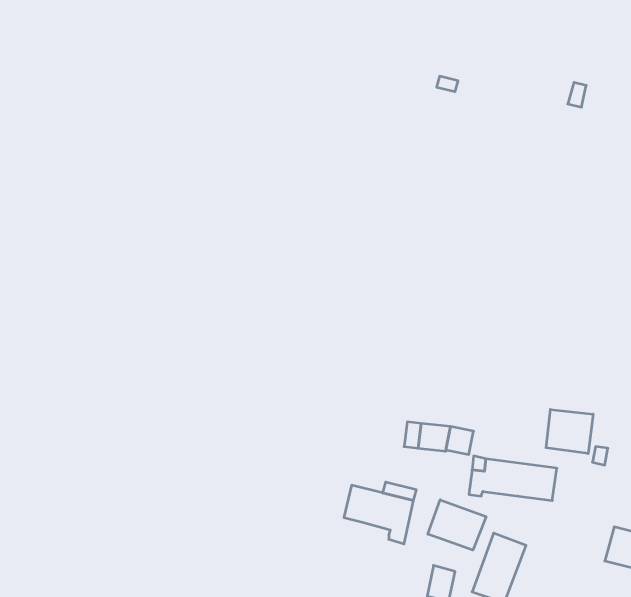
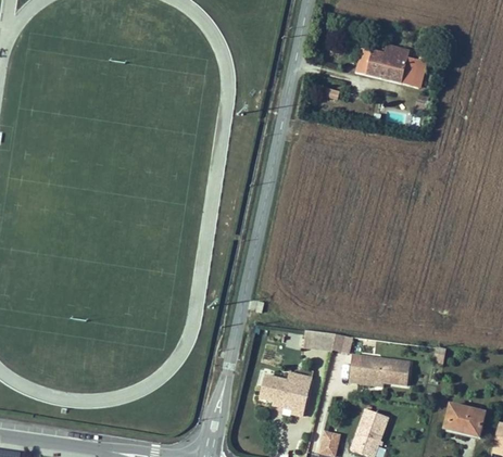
building: none -> [361,43,428,84]
building: [546,409,593,454] -> none
building: [428,500,486,550] -> none

